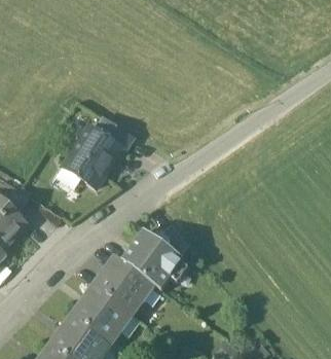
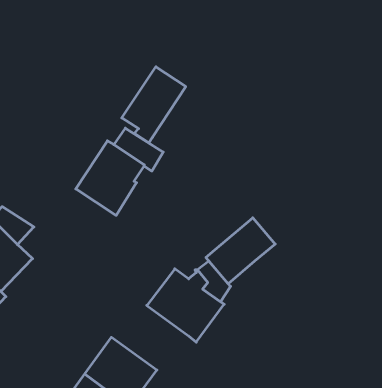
building: none -> [122,67,186,143]
building: none -> [206,218,275,284]
building: [91,255,154,314] -> none

